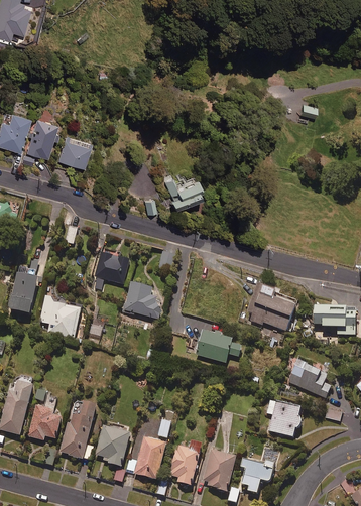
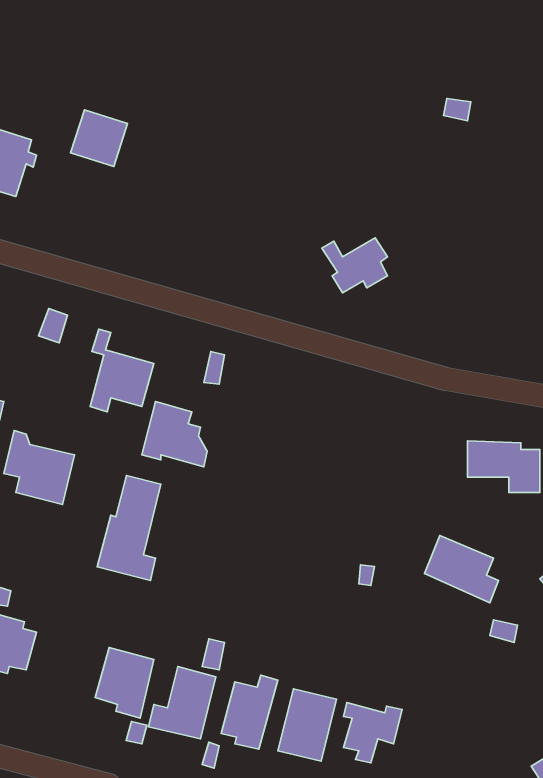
building: [58,136,92,169] -> [71,110,127,167]
building: [161,173,200,206] -> [322,238,387,293]
building: [248,282,296,329] -> none
building: [194,328,241,361] -> none
building: [57,397,95,459] -> [97,476,161,581]
building: [265,397,298,434] -> none

